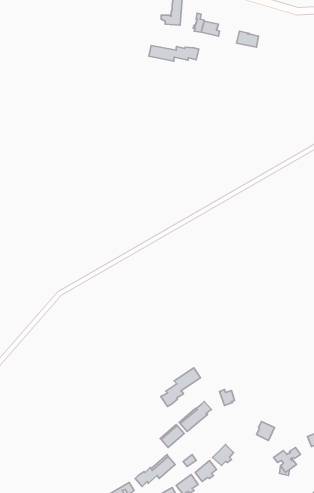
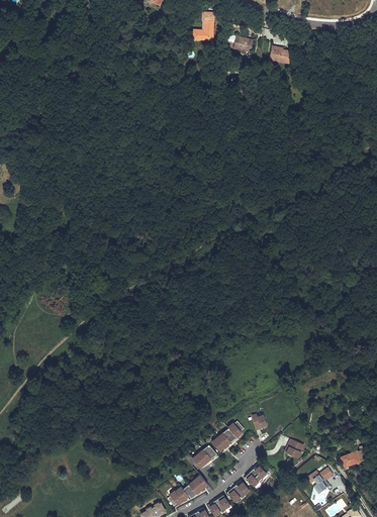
building: [149,45,199,61] -> none
building: [161,368,200,407] -> none

